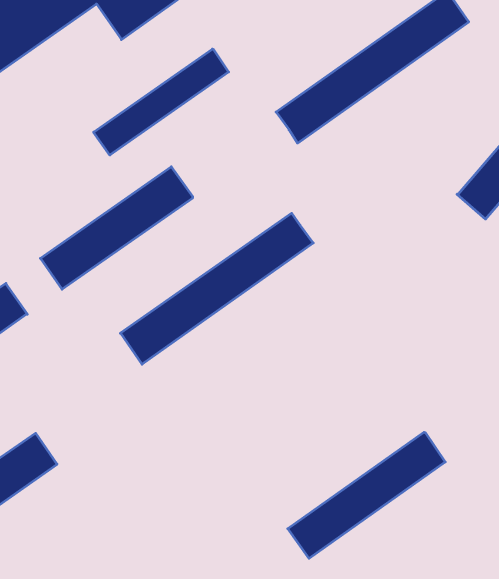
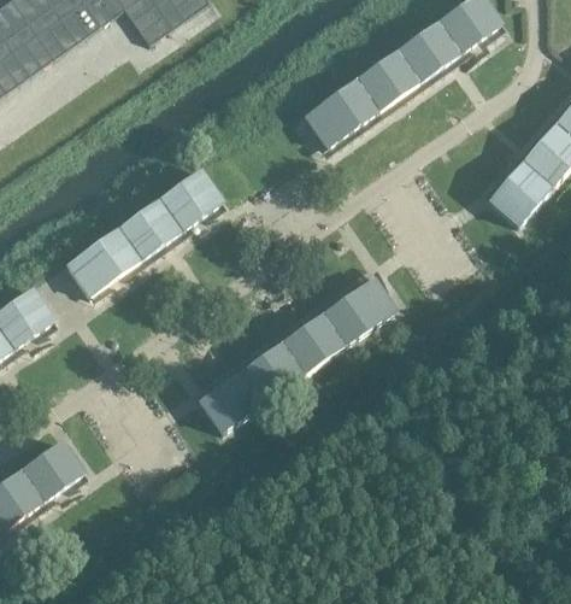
building: [94,49,229,155] -> none
building: [120,213,313,364] -> [200,277,395,430]
building: [288,432,445,558] -> none

